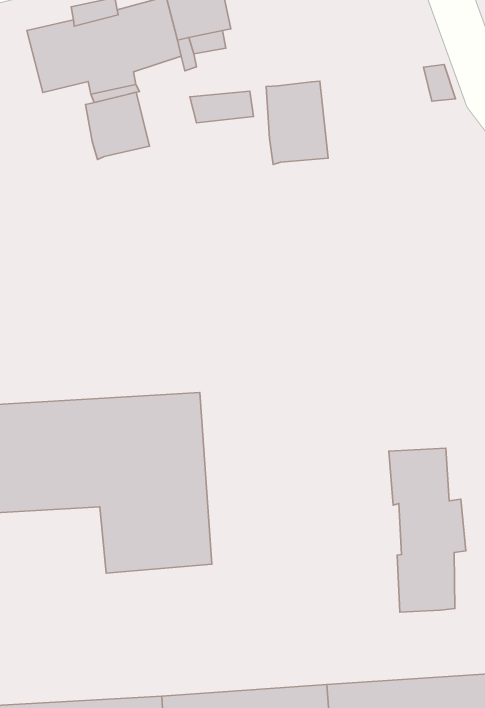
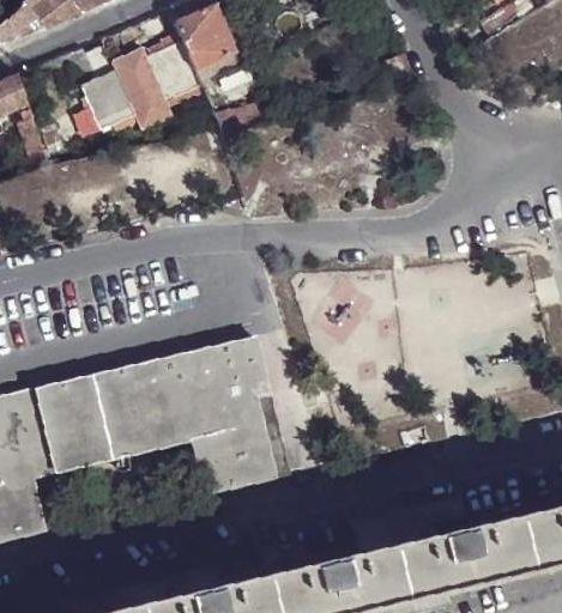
building: [266,81,328,165] -> none
building: [85,92,149,159] -> none
building: [389,448,466,612] -> none

